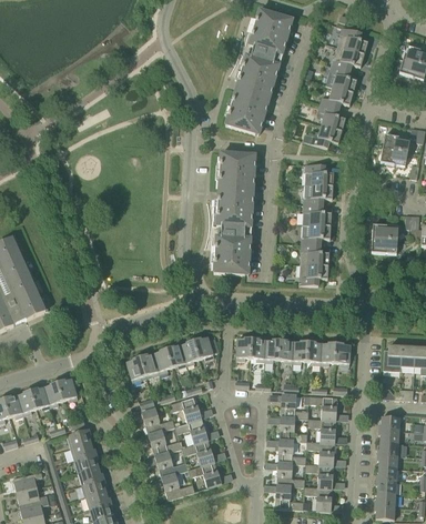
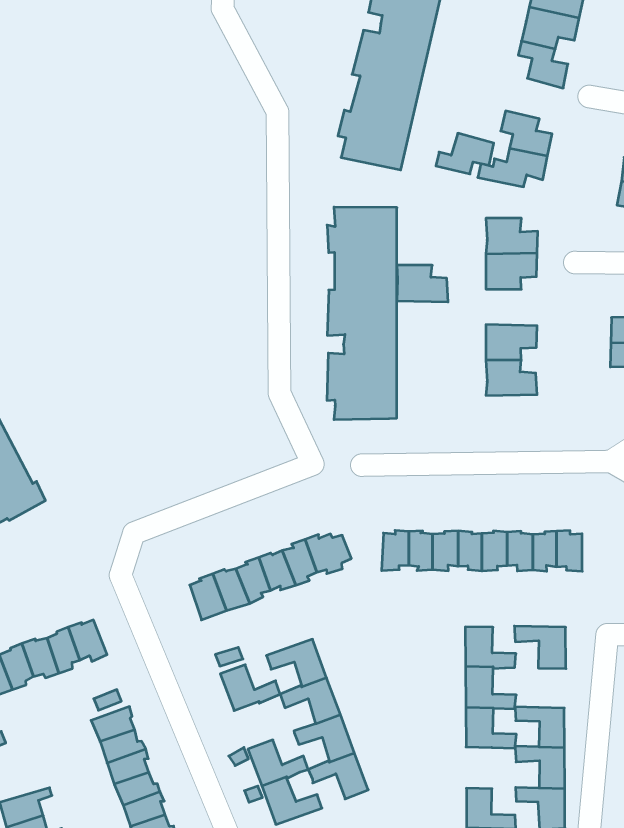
building: [320,85,353,109] -> [436,133,494,174]
building: [302,203,331,225] -> [397,265,448,302]
building: [298,263,328,284] -> none
building: [307,417,336,442] -> none
building: [148,429,181,455] -> none
building: [276,461,304,485] -> none

